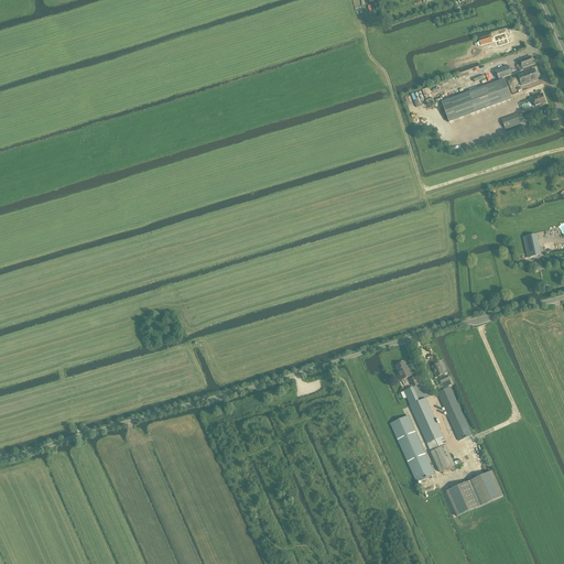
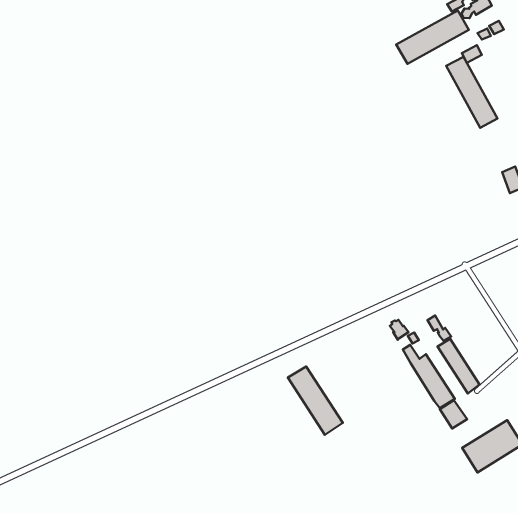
building: none -> [446,57,498,128]
building: [389,414,434,481] -> [288,366,343,435]

